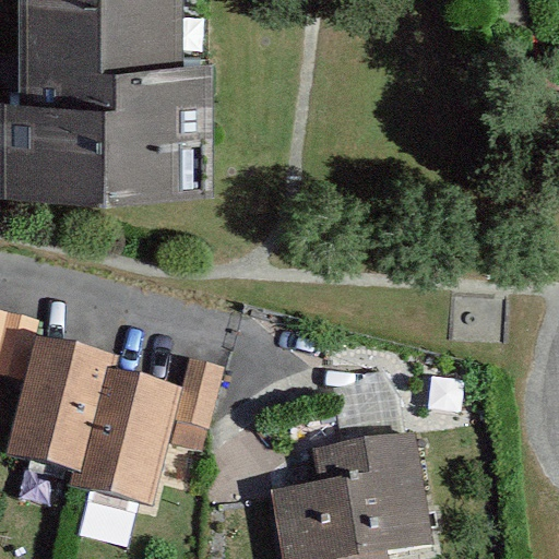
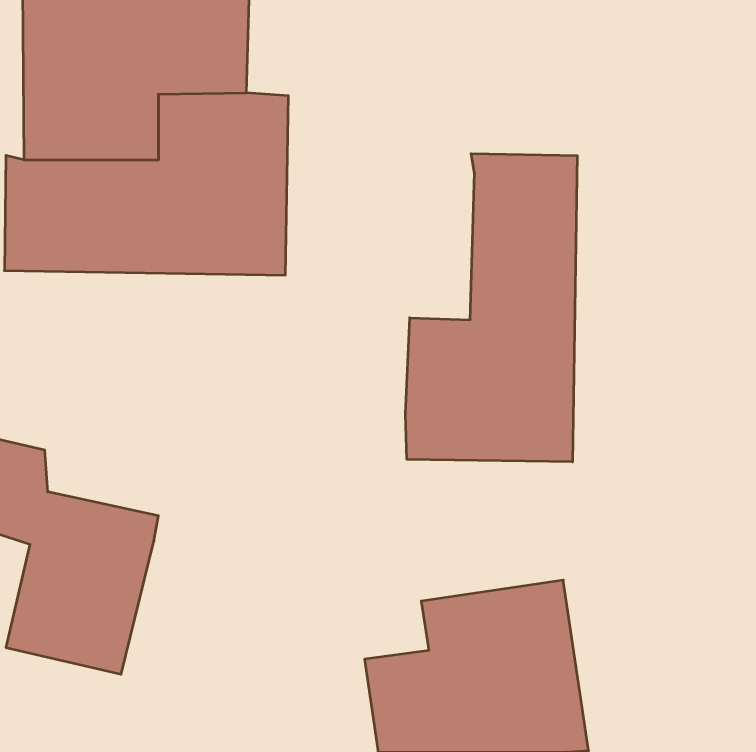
building: none -> [405,154,577,462]
building: [84,370,221,527] -> none

